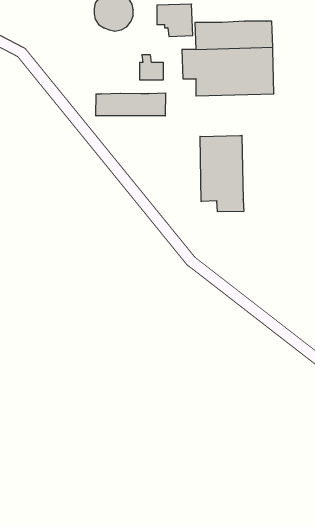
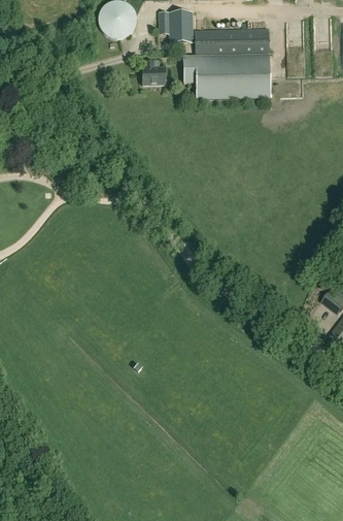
building: [96,93,165,116] -> none
building: [200,135,244,212] -> none

